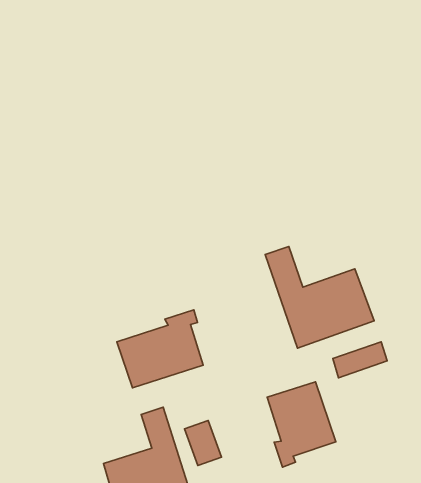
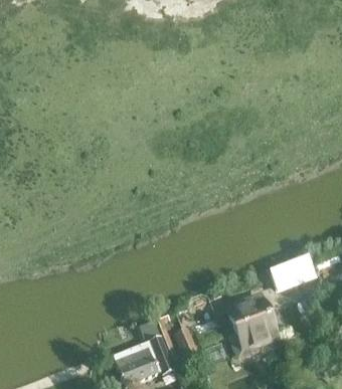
building: [265,247,374,348] -> none
building: [117,310,203,388] -> none

